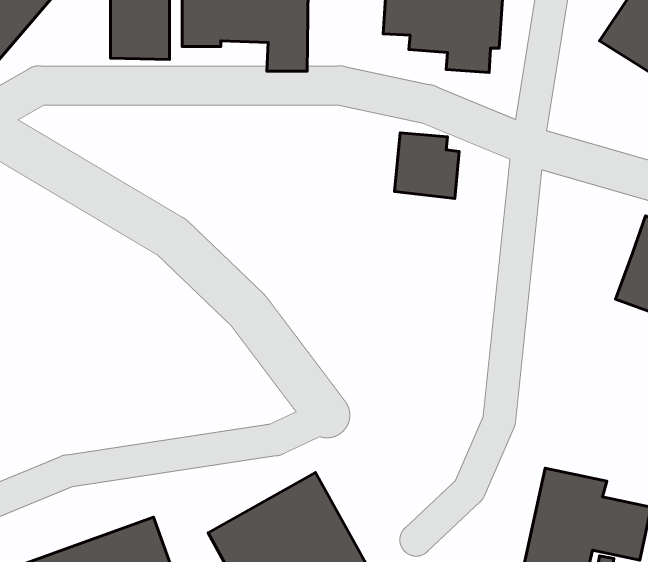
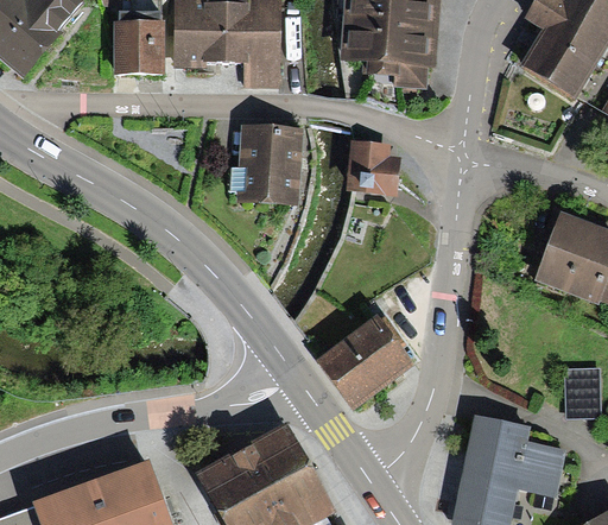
building: none -> [236,127,302,204]
building: none -> [315,314,411,407]

